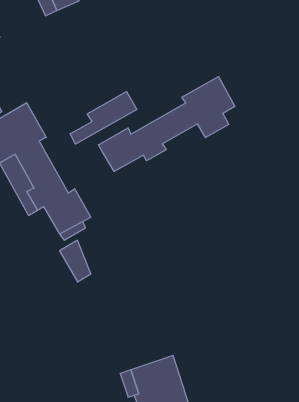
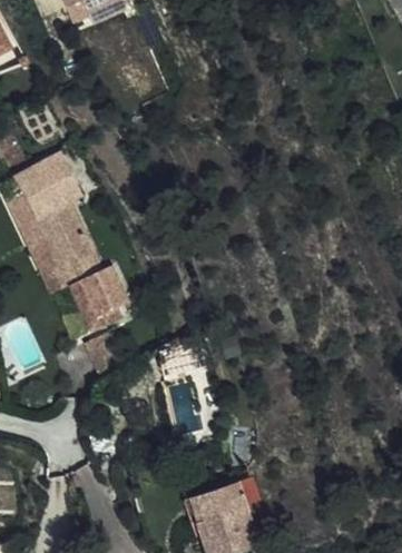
building: [98,77,235,171] -> none
building: [70,92,137,144] -> none

